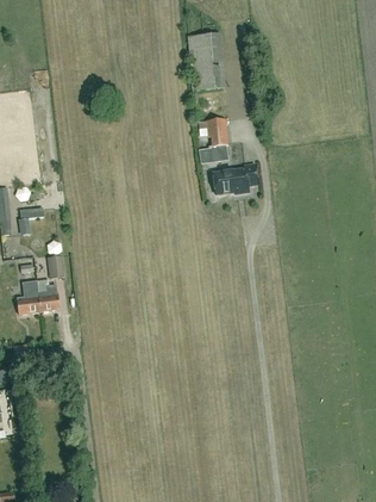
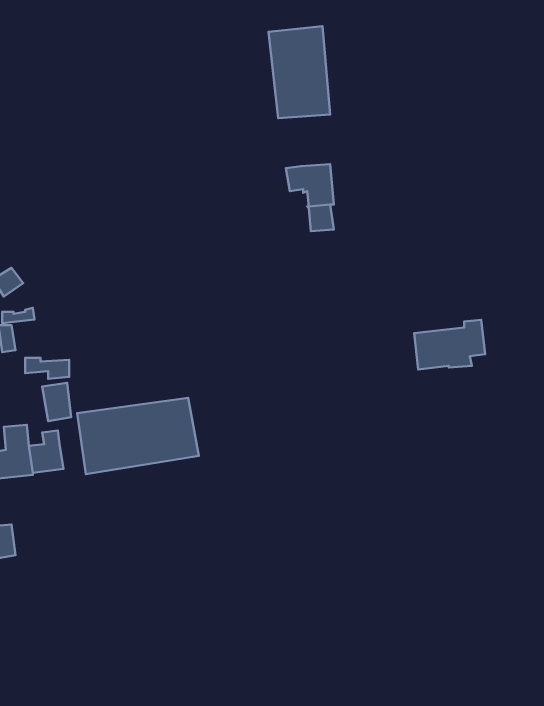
building: [213,162,257,193] -> [414,320,485,370]
building: none -> [77,398,199,474]

